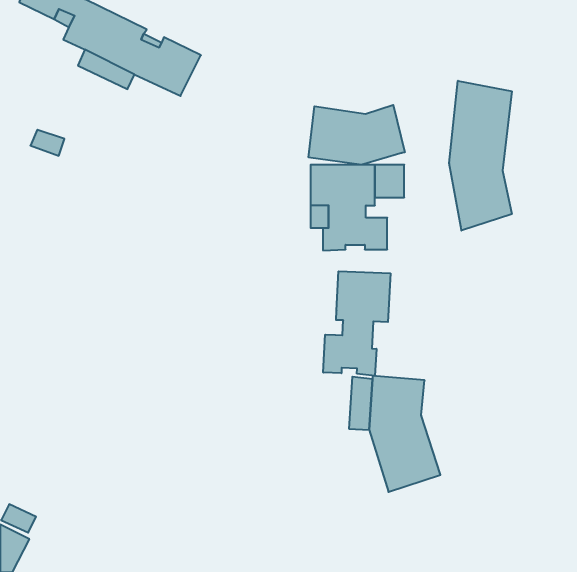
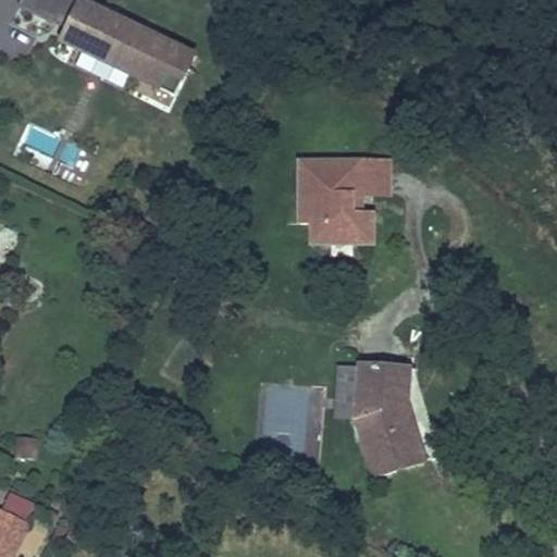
building: [449,81,512,231] -> none
building: [309,105,405,165] -> none
building: [323,271,390,376] -> none

